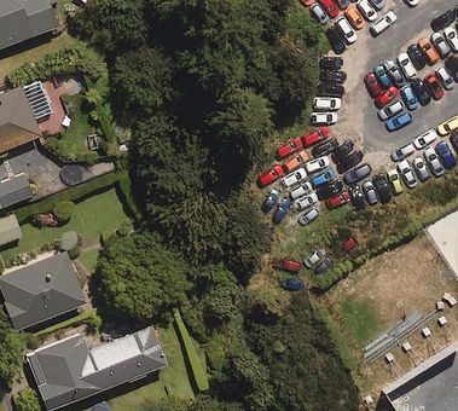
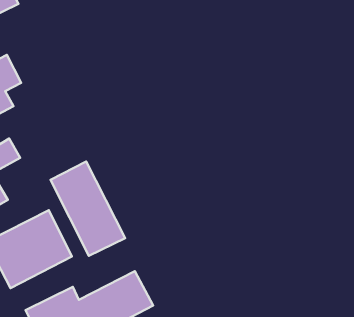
building: none -> [51,161,125,256]

